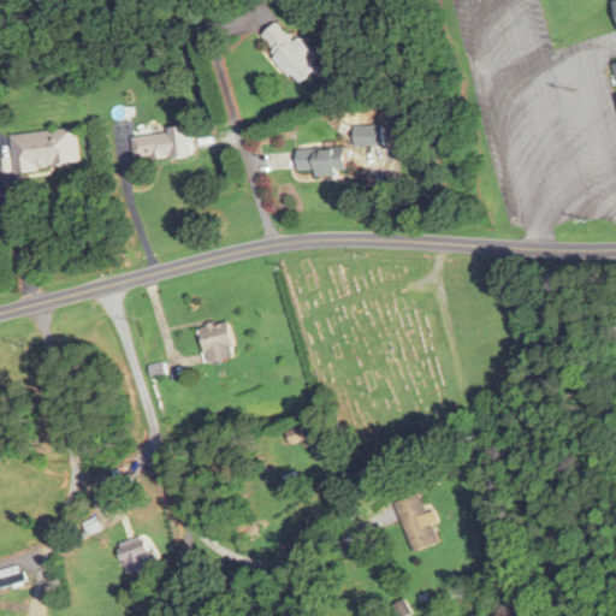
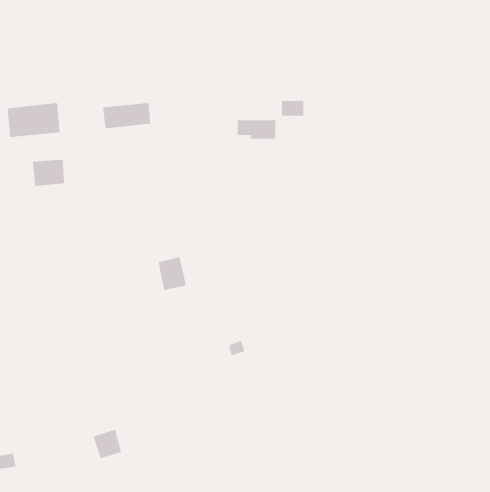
building: [256,22,316,85] -> none
building: none -> [32,159,65,187]
building: [391,492,438,552] -> none

